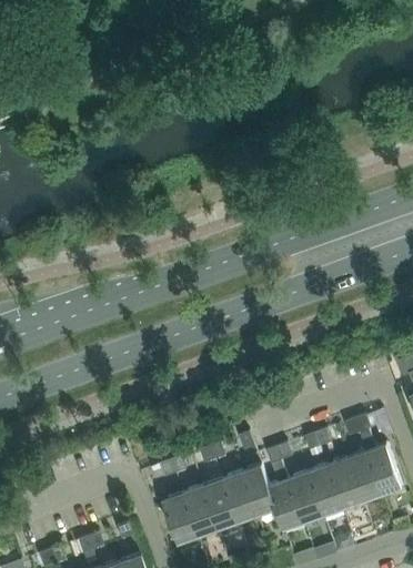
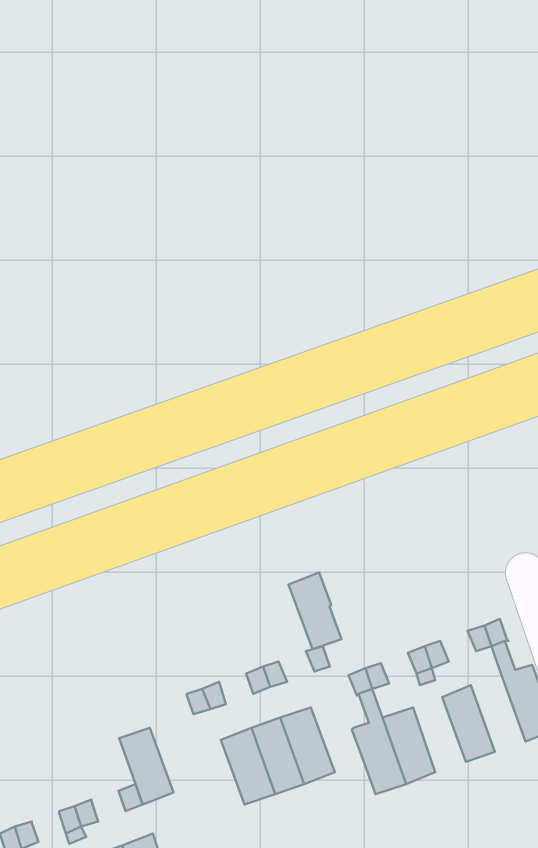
building: [346,450,382,500] -> none
building: [242,464,276,514] -> [289,573,341,649]
building: [309,465,343,514] -> none
building: [163,493,199,542] -> [119,728,174,805]

